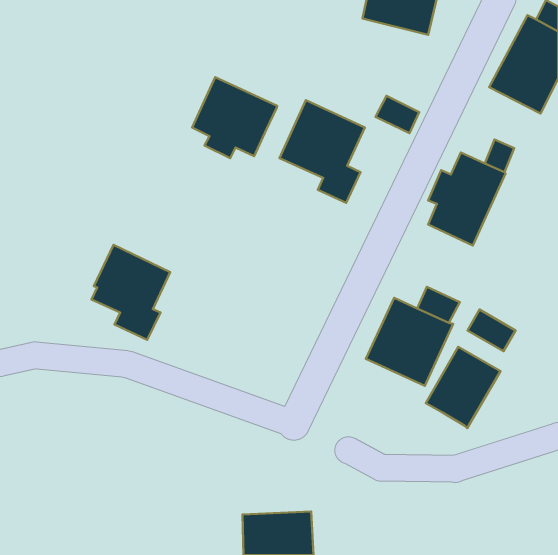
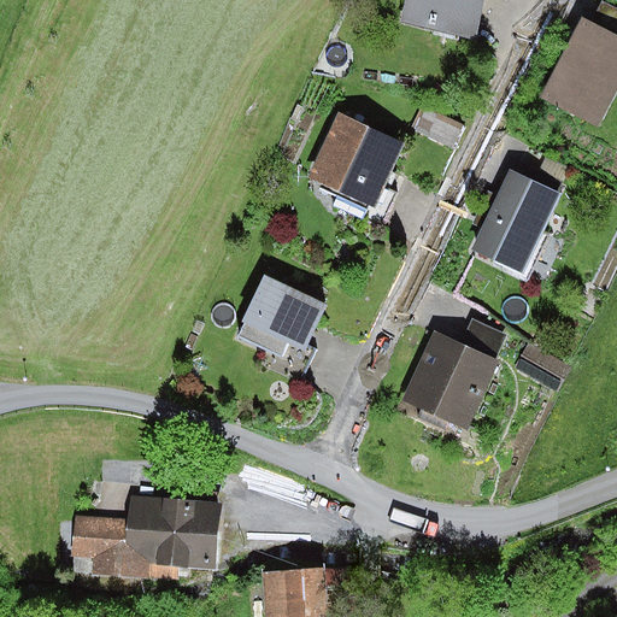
building: [192,77,277,158] -> none
building: [92,245,170,340] -> [237,274,324,378]
building: [426,347,500,428] -> none
building: none -> [71,496,221,581]

